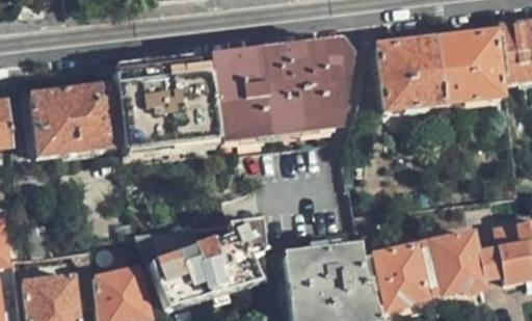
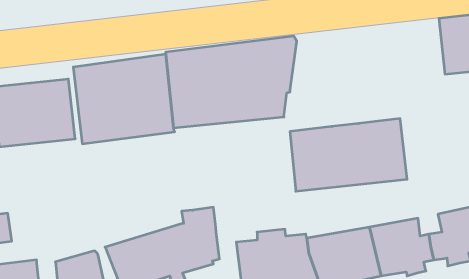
building: [377,31,500,107] -> [290,119,407,191]

